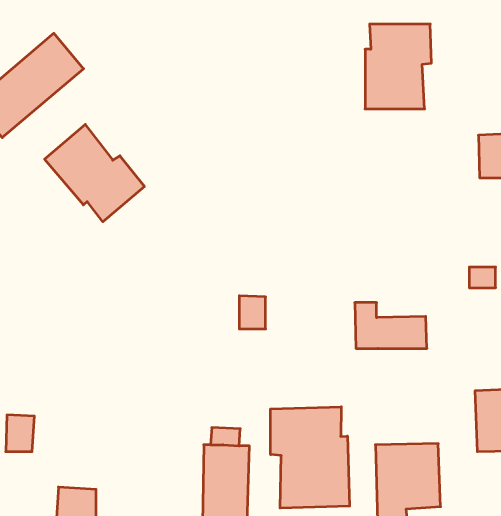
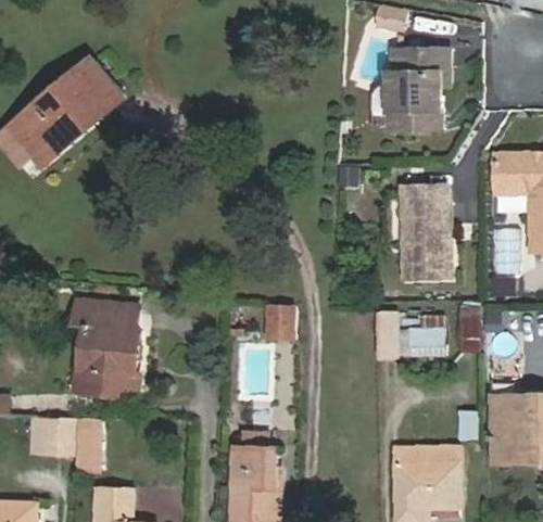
building: [45,124,144,222] -> none
building: none -> [400,186,450,278]
building: none -> [74,303,138,395]
building: [271,407,350,508] -> none
building: none -> [76,420,100,470]

